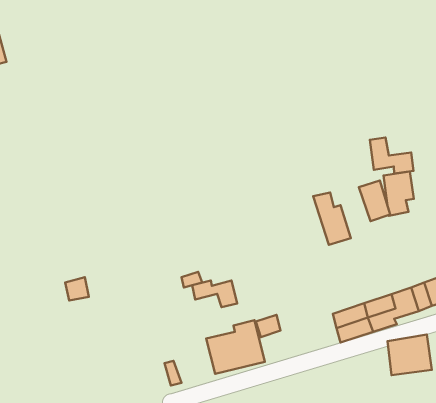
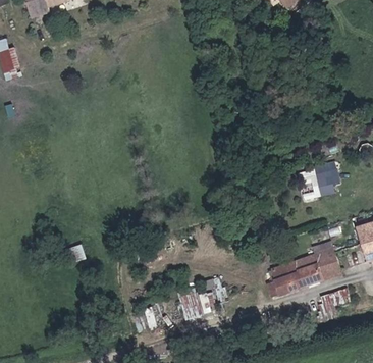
building: [370,138,413,174] -> none
building: [313,192,351,245] -> none
building: [192,281,237,307] -> none

